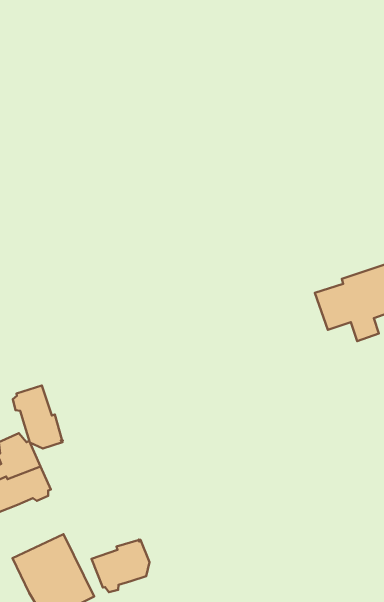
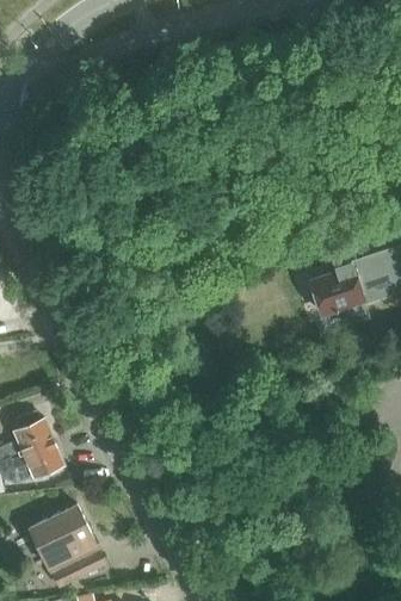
building: [13,385,63,449] -> none
building: [92,539,149,592] -> none

